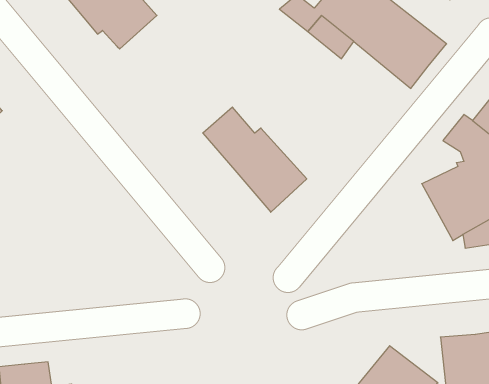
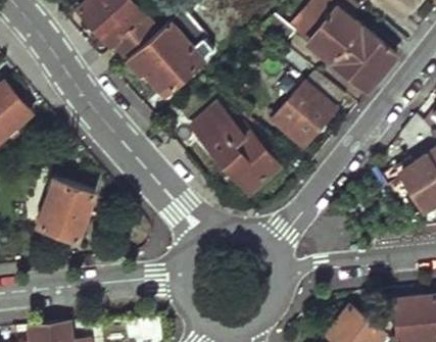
building: none -> [128,26,213,94]
building: none -> [274,72,343,149]
building: none -> [40,178,95,239]

